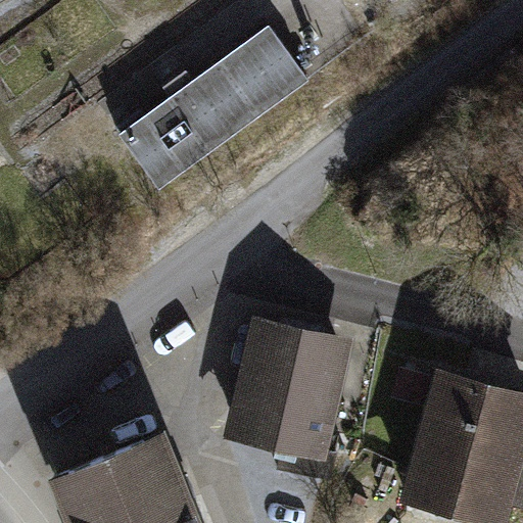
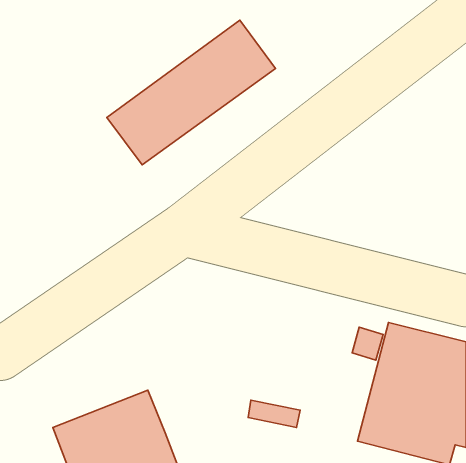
building: [234,325,345,448] -> none

